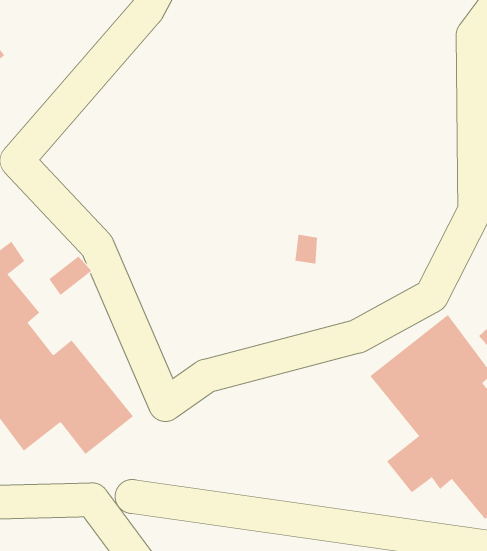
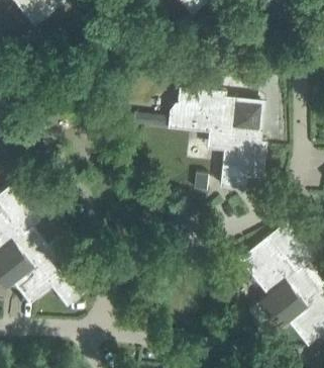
building: none -> [133,86,266,187]

